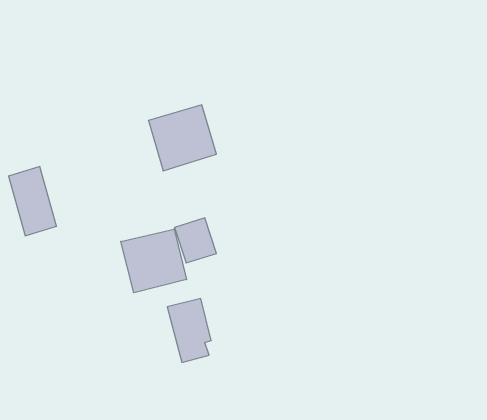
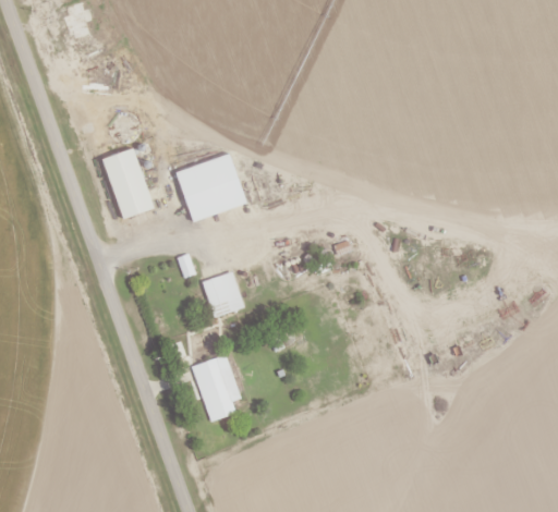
building: [8,167,57,236] -> [102,146,153,218]
building: [121,229,186,293] -> none

